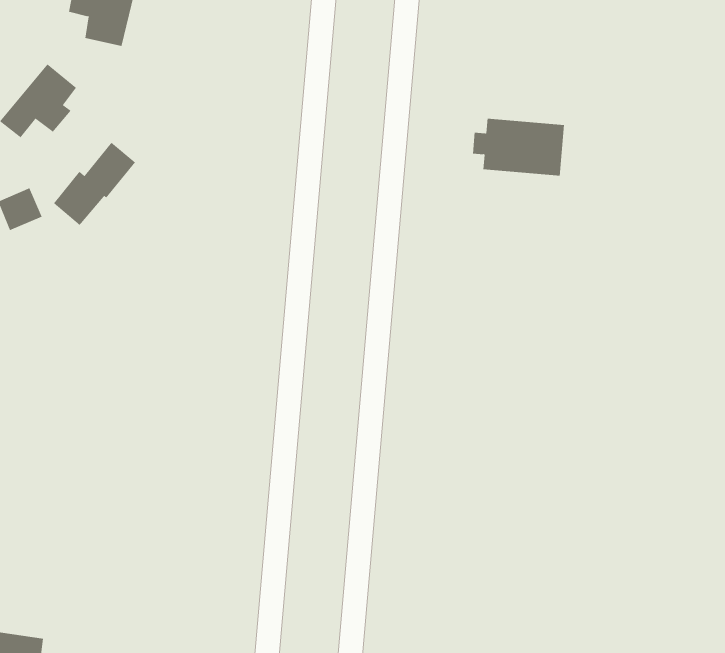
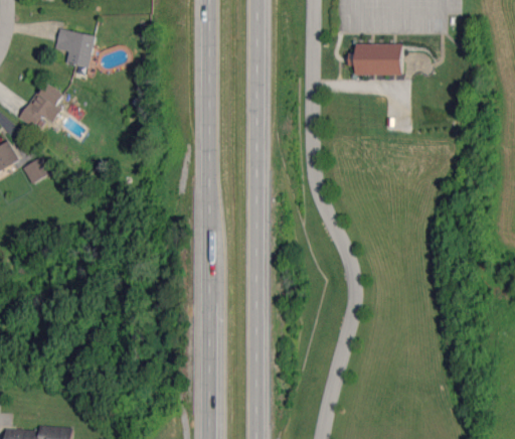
building: [472,118,565,176] -> [347,43,401,75]
building: [53,142,136,226] -> none

